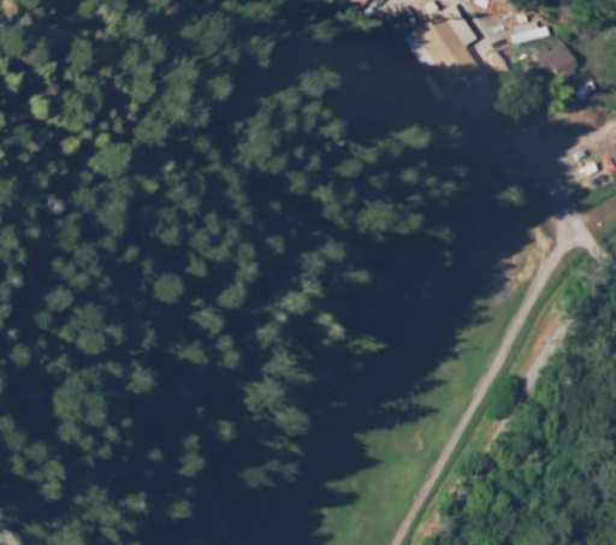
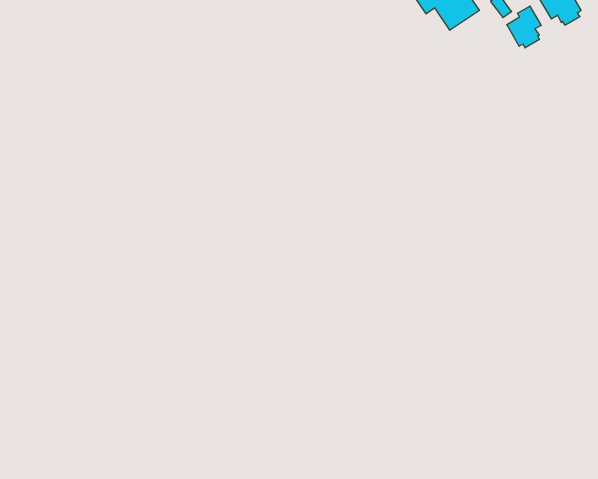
building: none -> [507,6,541,48]

